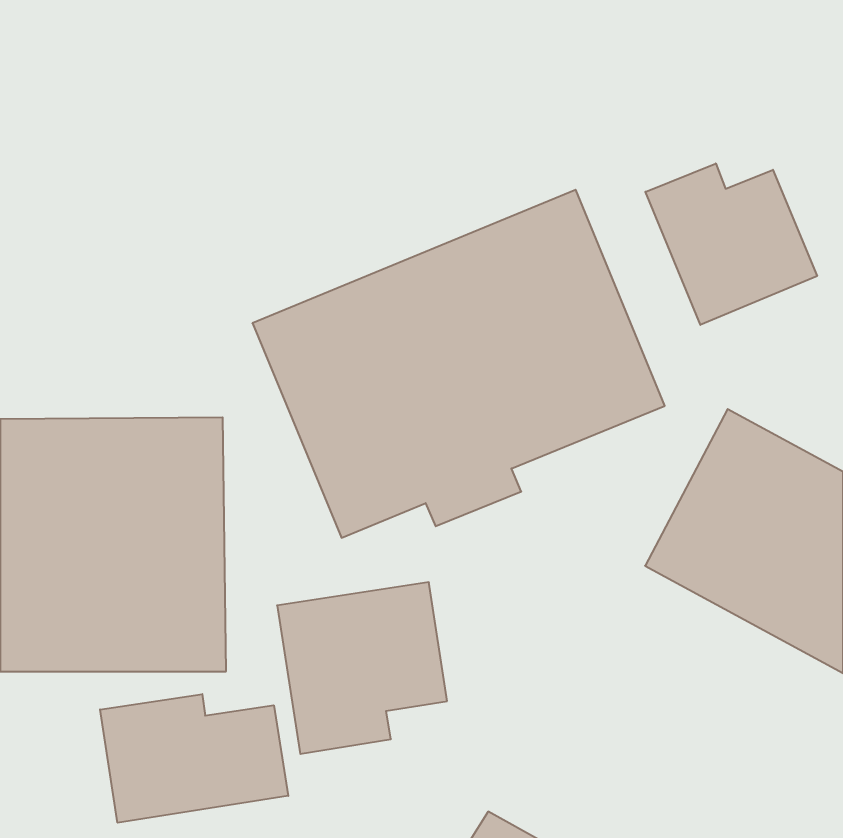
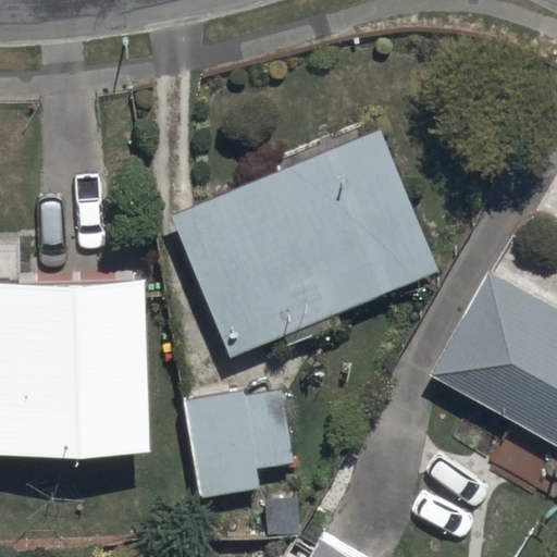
building: [645,163,817,325] -> none
building: [100,694,288,823] -> none

